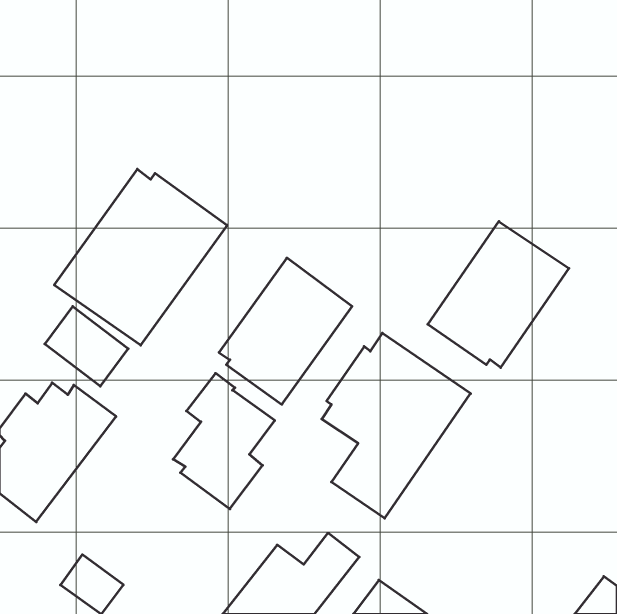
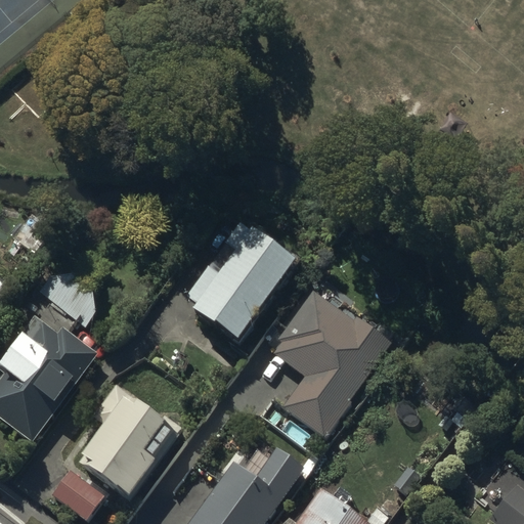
building: [54,169,227,345] -> none
building: [428,221,569,368] -> none
building: [173,373,275,509] -> [80,384,166,498]

